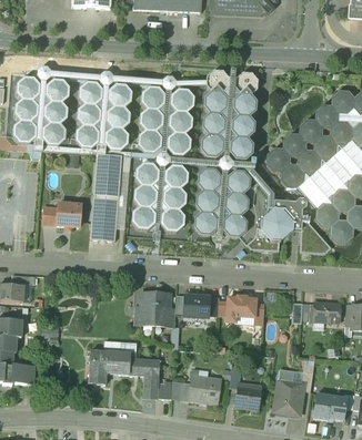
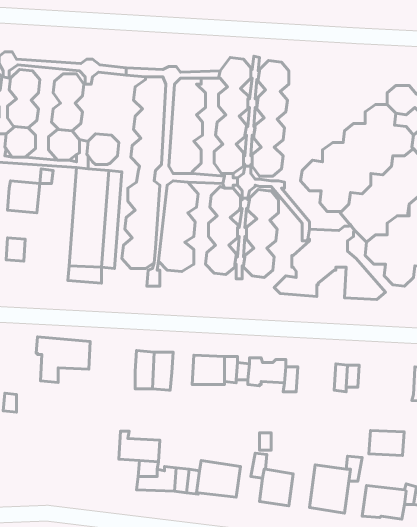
building: [104,84,130,129] -> none
building: [56,202,80,226] -> [8,181,40,213]
building: [312,303,339,321] -> [369,430,404,455]
building: [88,349,129,383] -> [36,337,90,382]

